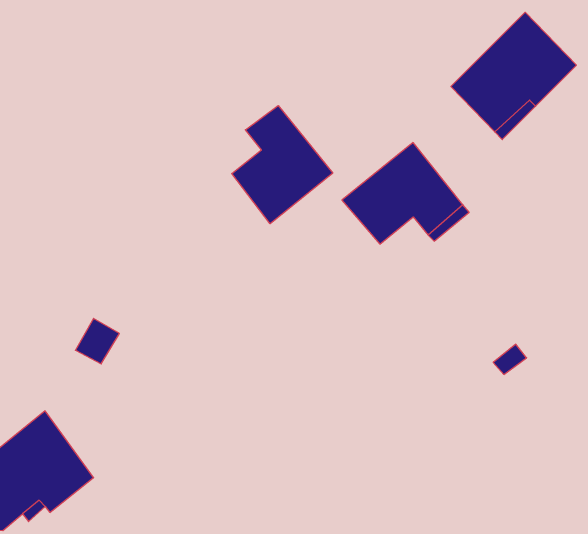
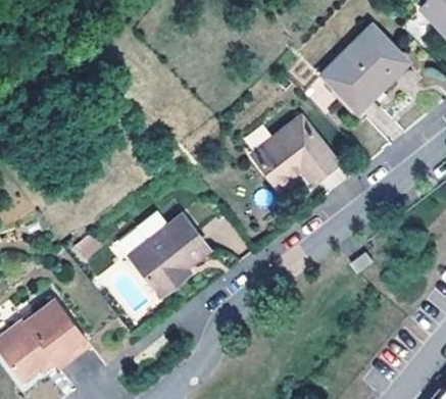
building: [232,106,333,224] -> none
building: none -> [128,216,206,296]

